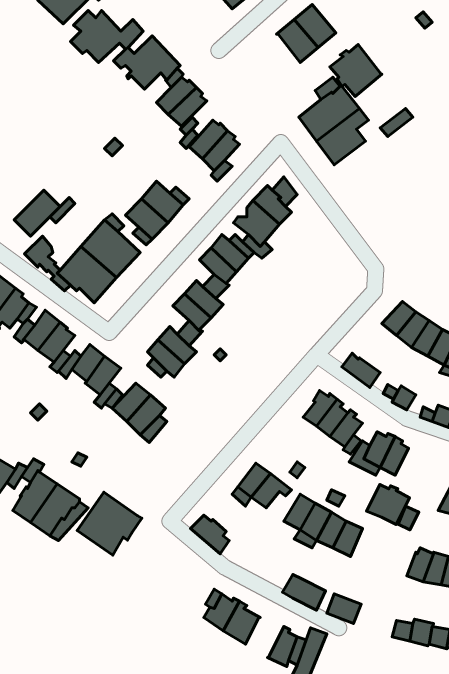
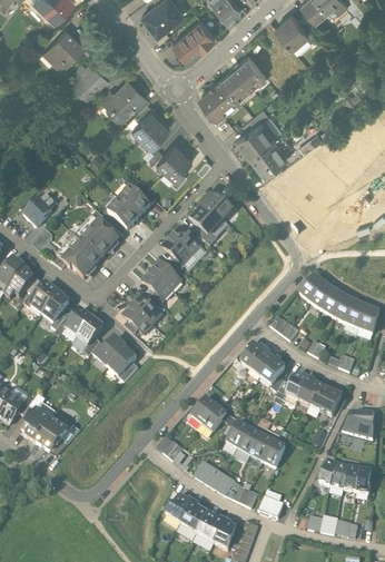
building: [330,45,382,97] -> [200,75,239,114]
building: [367,485,410,525] -> [309,385,342,415]
building: [77,492,142,555] -> none
building: none -> [195,461,233,493]
building: none -> [197,512,226,541]

